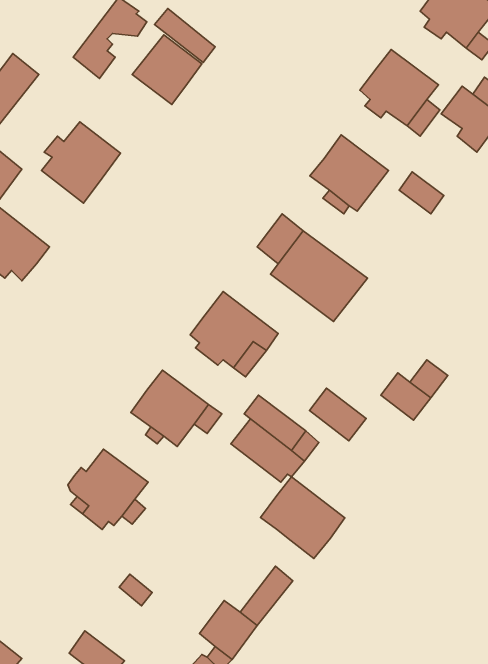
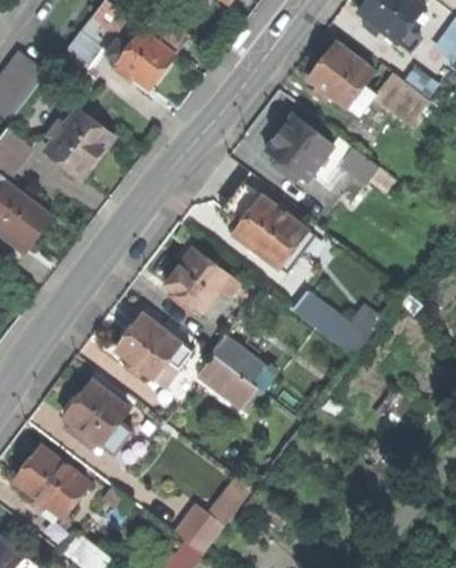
building: [310,388,366,441] -> [293,291,341,335]
building: [260,477,345,559] -> none
building: none -> [16,447,89,517]

